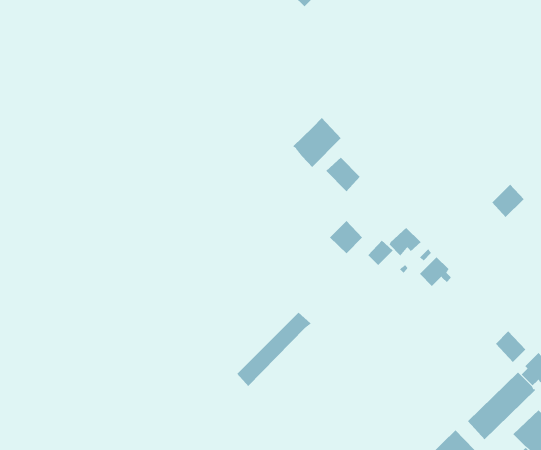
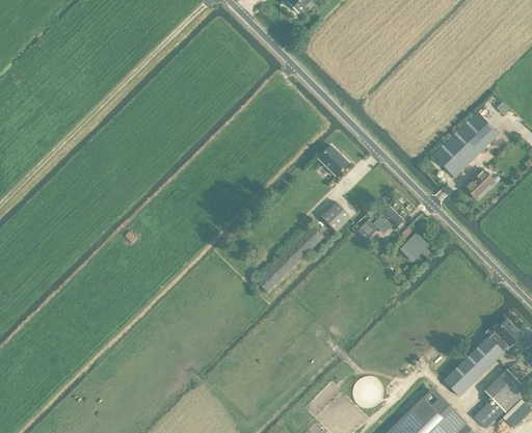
building: [292,117,342,168] -> none
building: none -> [432,111,499,177]
building: [237,312,311,387] -> [256,225,322,292]
building: [495,330,526,363] -> none

